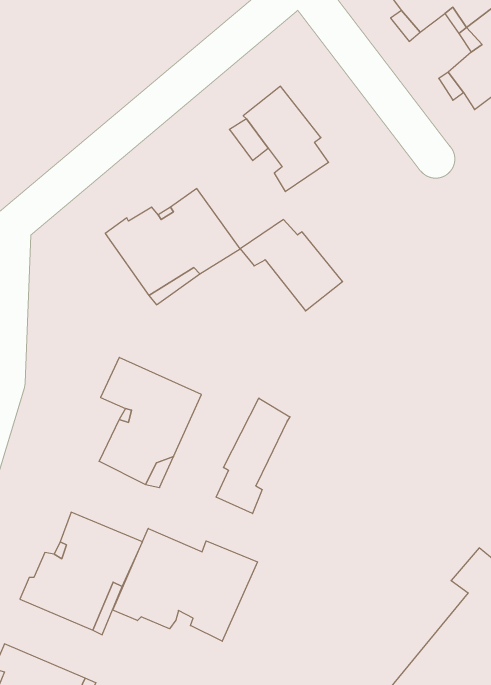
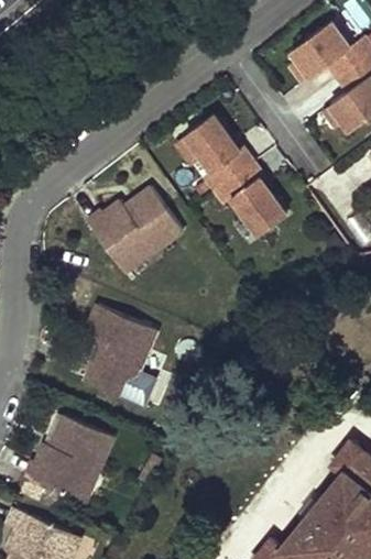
building: [240,220,343,311] -> [215,167,287,232]
building: [216,398,290,514] -> none
building: [113,528,257,641] -> none

